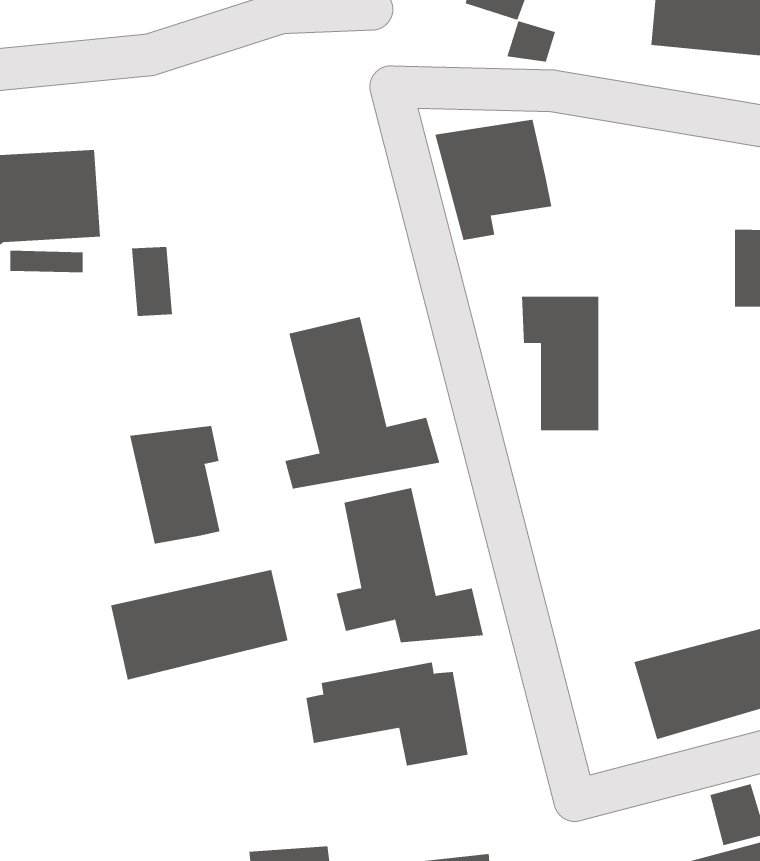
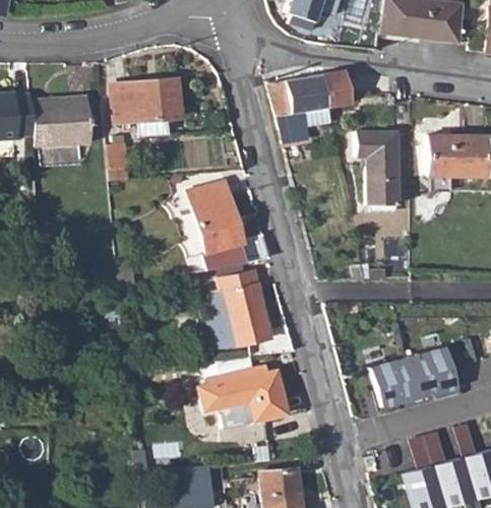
building: none -> [321,72,352,107]
building: none -> [112,79,180,135]
building: [521,296,599,431] -> [356,132,397,204]
building: [130,425,220,544] -> none
building: [111,569,288,680] -> none

